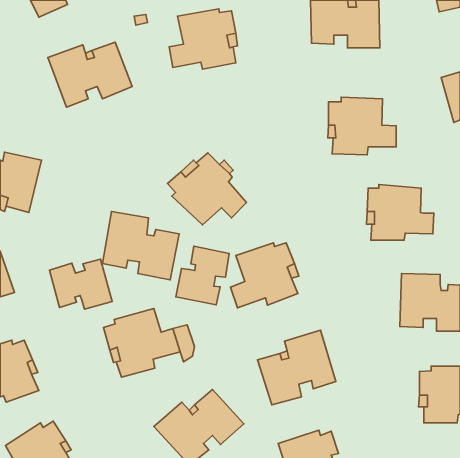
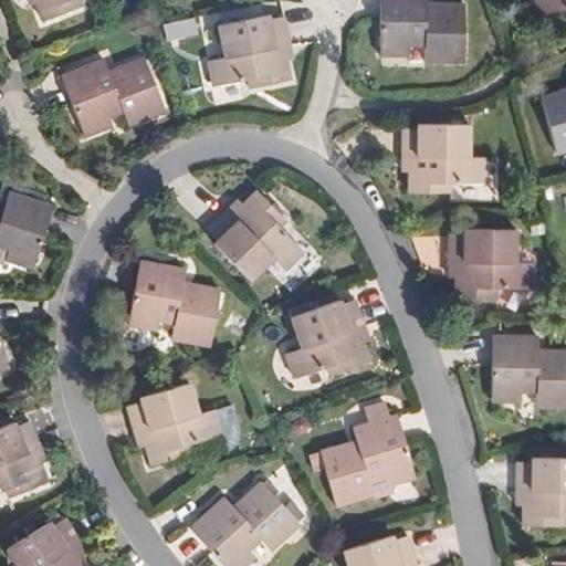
building: [176,246,229,305] -> none
building: [50,259,112,309] -> none

